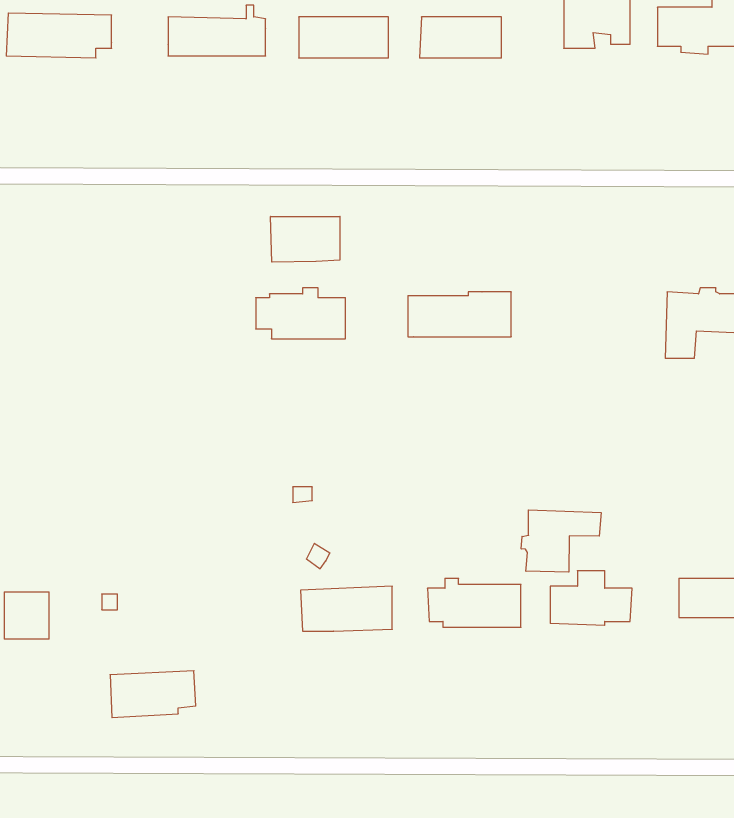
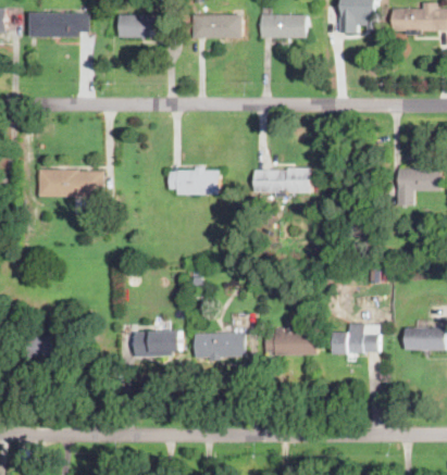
building: [271,216,340,262] -> none
building: none -> [38,170,102,196]
building: [521,510,601,572] -> none
building: [110,671,196,718] -> [133,330,181,357]

